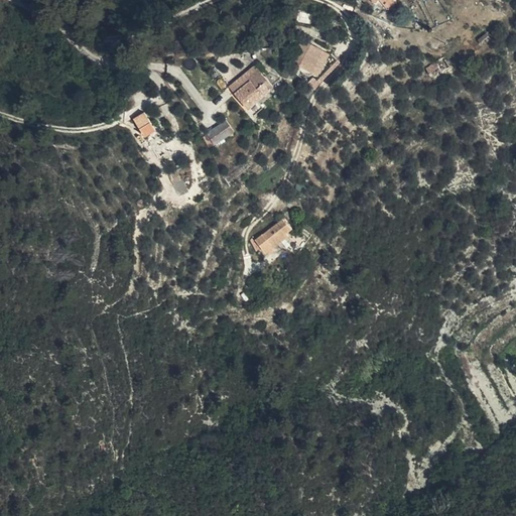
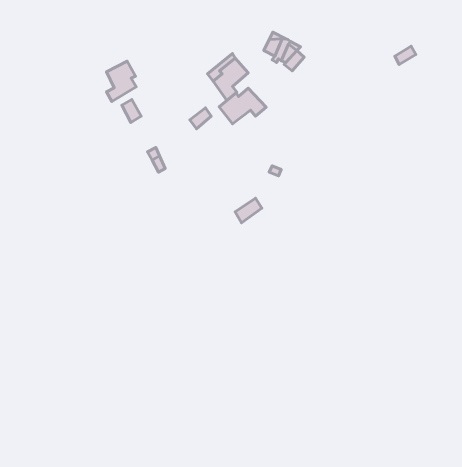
building: none -> [106,61,136,102]
building: none -> [219,88,266,124]

